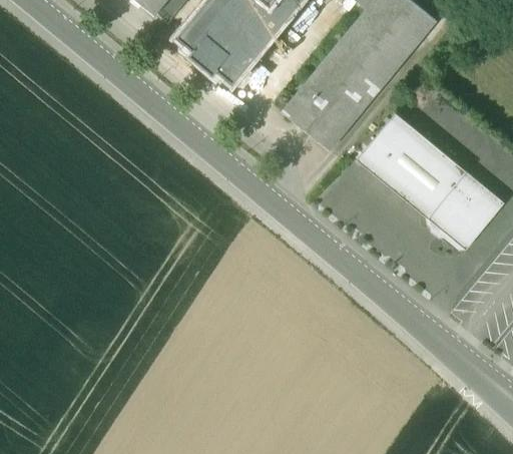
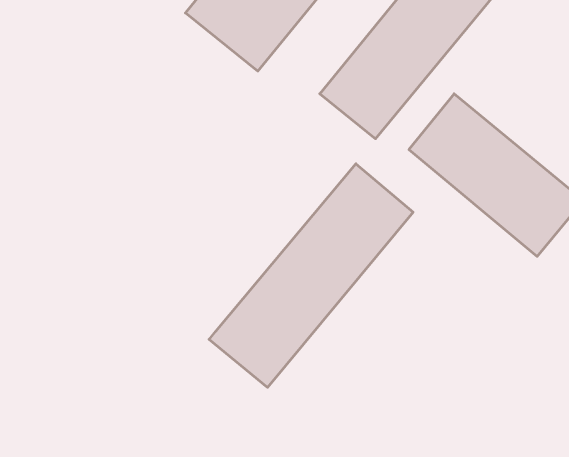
building: none -> [209,164,413,387]

